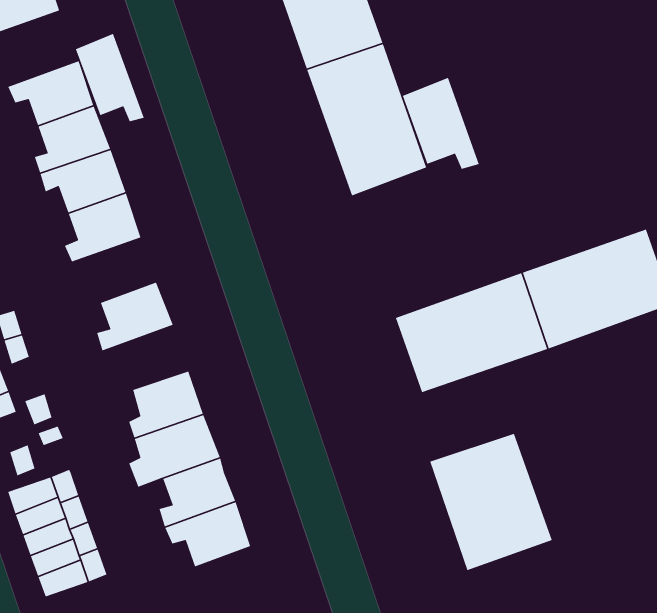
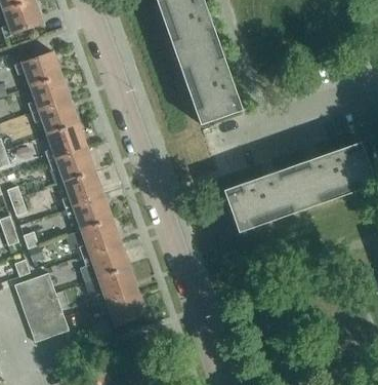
building: [75,33,145,122] -> none
building: [402,77,480,170] -> none
building: none -> [48,148,94,183]
building: none -> [65,195,112,230]
building: [429,433,553,571] -> none

